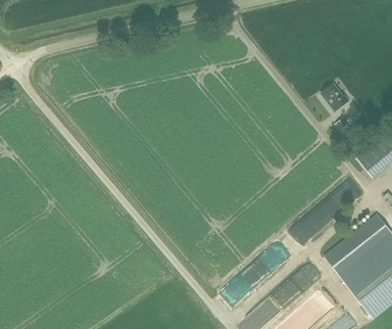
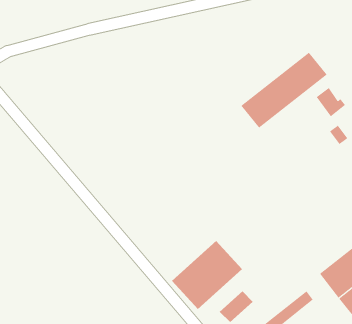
building: none -> [241,52,327,128]
building: none -> [171,240,243,310]

